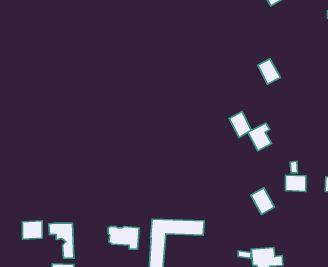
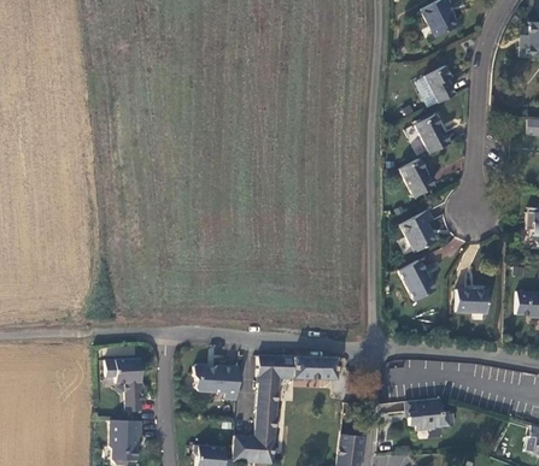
building: none -> [424,66,455,102]
building: [229,111,251,137] -> [400,159,433,197]
building: [251,188,274,215] -> [400,260,435,300]
building: [22,221,42,239] -> none

